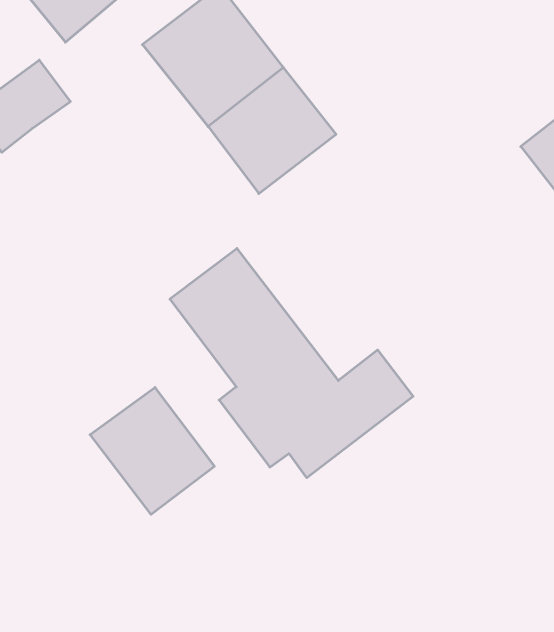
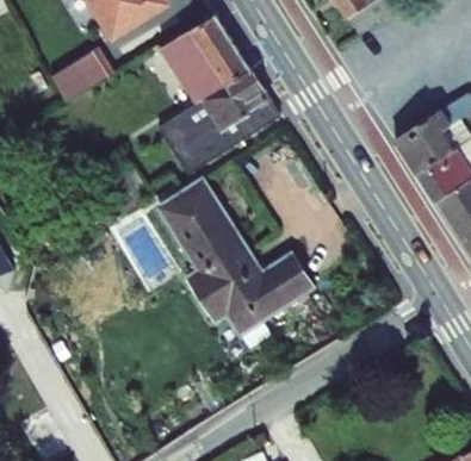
building: none -> [161,101,225,170]
building: [90,387,214,514] -> none

